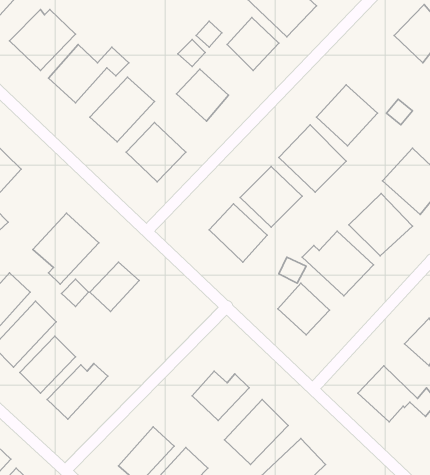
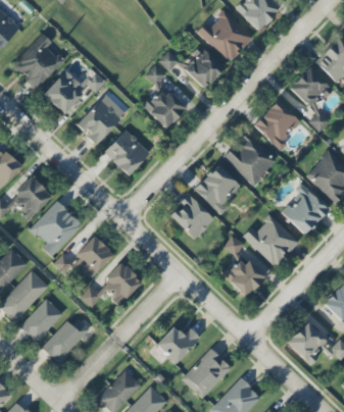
building: none -> [287,66,333,114]
building: none -> [8,172,51,218]
building: none -> [80,262,141,308]

